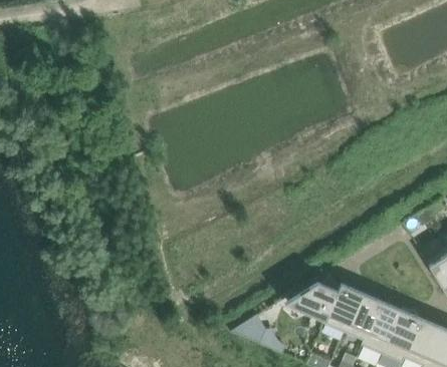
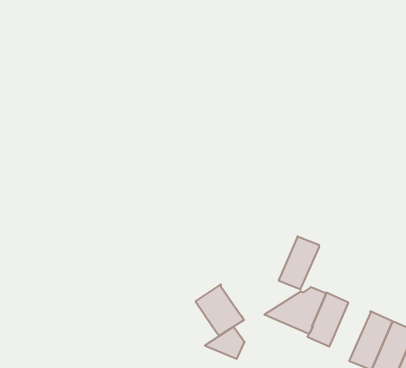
building: none -> [196,284,244,336]
building: [345,292,382,340] -> [279,236,319,289]

